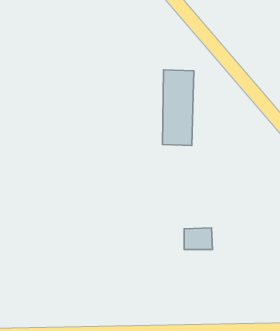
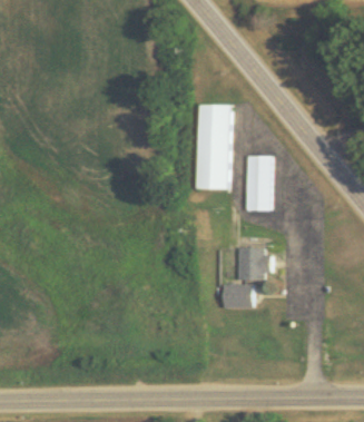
building: none -> [246,155,272,210]
building: none -> [238,247,272,278]

